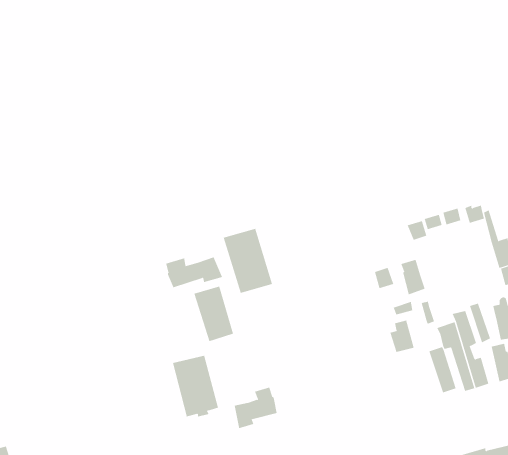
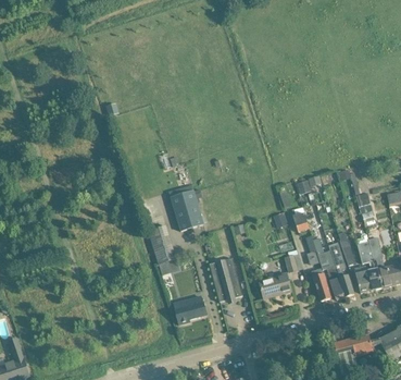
building: [166,256,223,288] -> none
building: none -> [259,272,291,298]
building: [172,355,219,417] -> [210,258,242,302]

